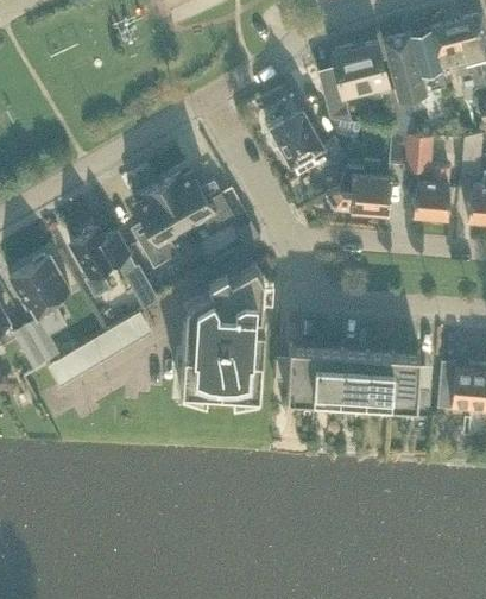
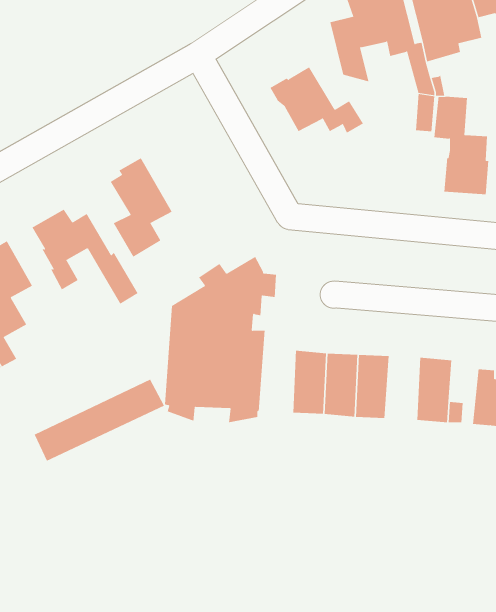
building: [327,158,391,210] -> none
building: [160,172,236,233] -> none
building: [49,310,158,379] -> [34,379,165,462]
building: [364,349,392,403] -> none

